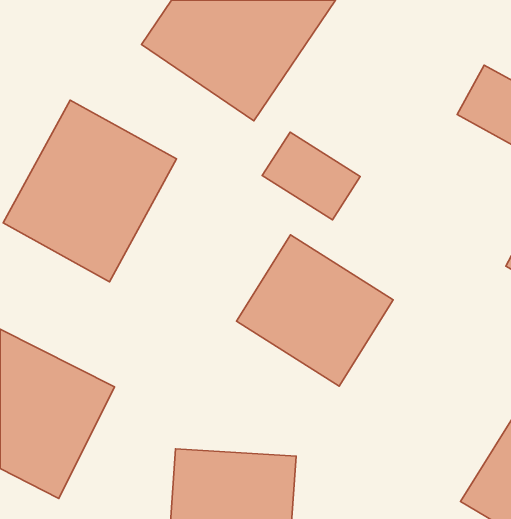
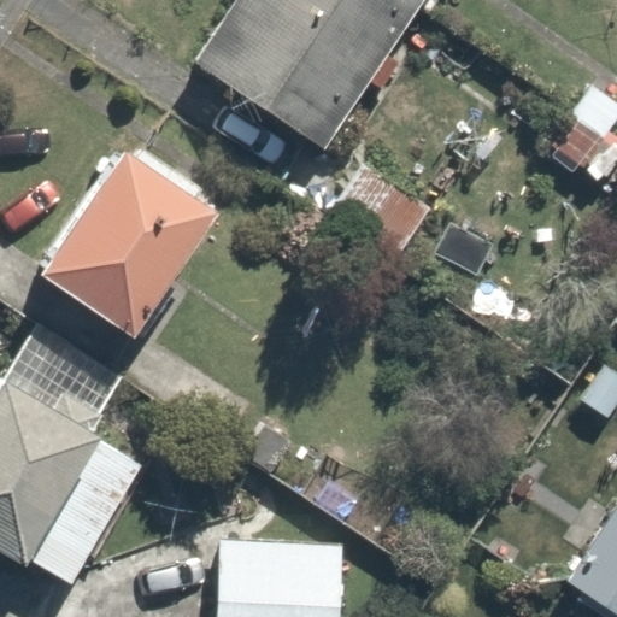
building: [236,235,393,386] -> none

